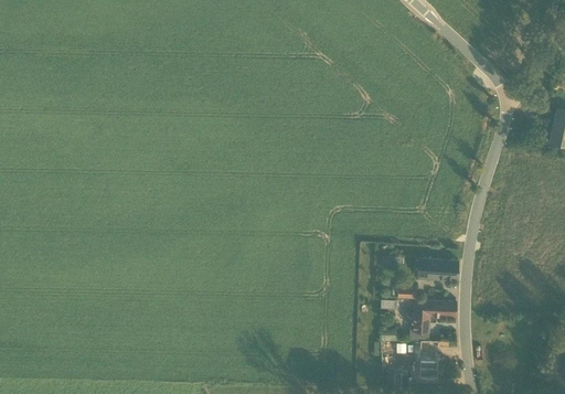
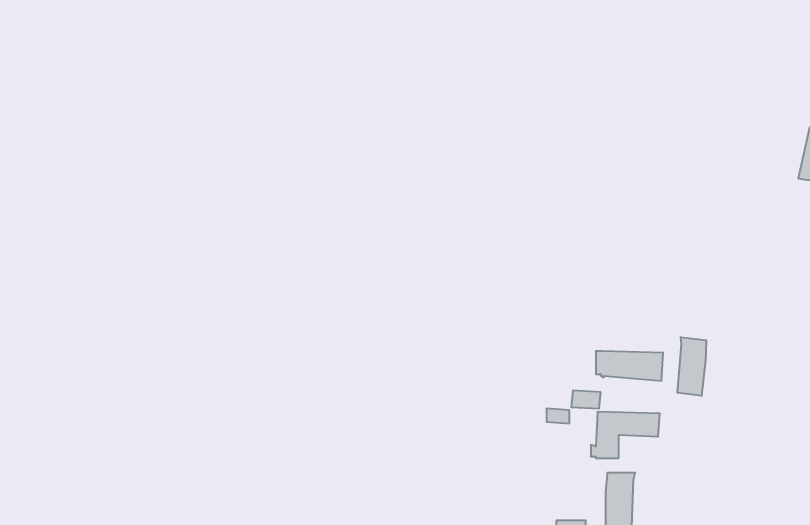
building: none -> [678,337,706,396]

